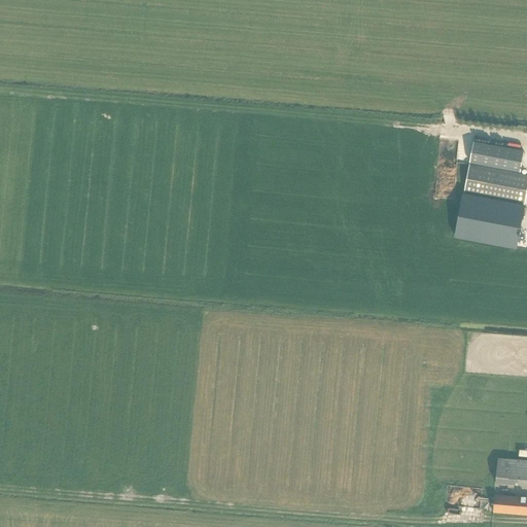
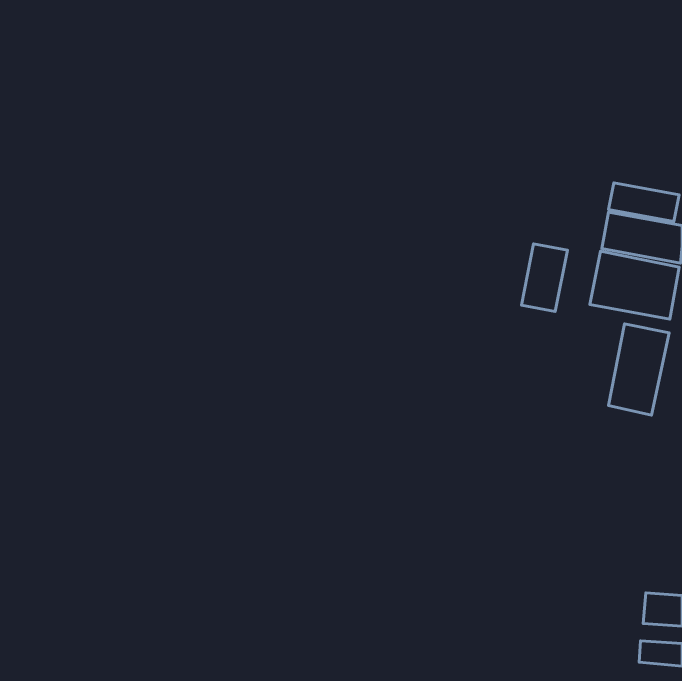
building: none -> [521,244,567,312]
building: none -> [608,324,669,415]

